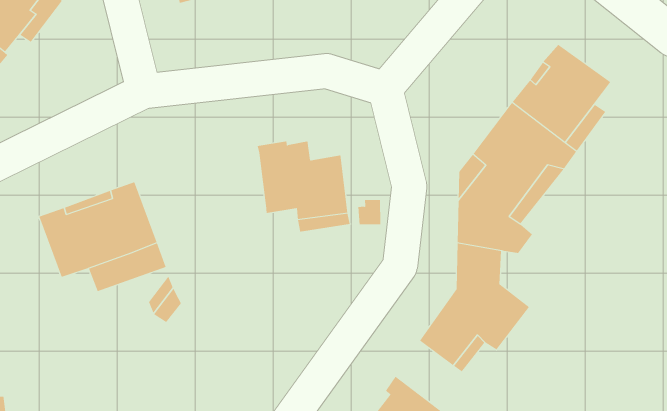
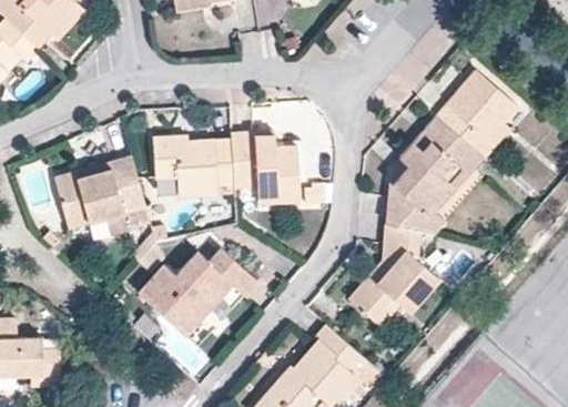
building: none -> [153,135,234,196]
building: none -> [140,248,257,335]

